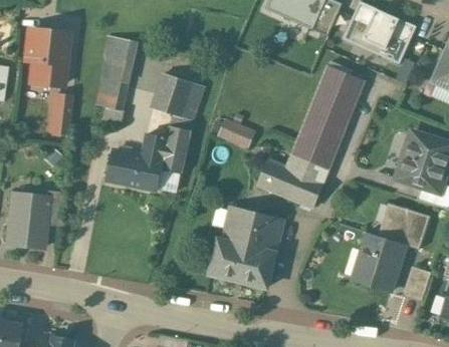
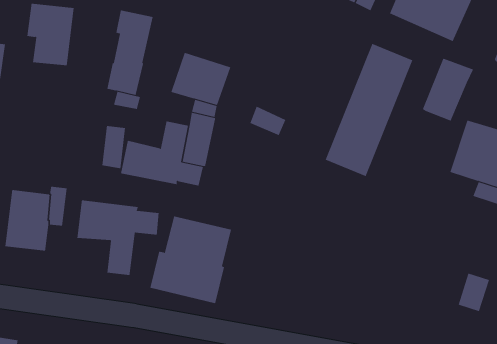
building: none -> [422,57,474,122]
building: [50,94,71,132] -> [102,126,126,169]
building: [258,159,323,207] -> none
building: none -> [77,199,159,276]
building: [351,203,430,290] -> none
building: [210,209,282,286] -> [149,216,232,304]

